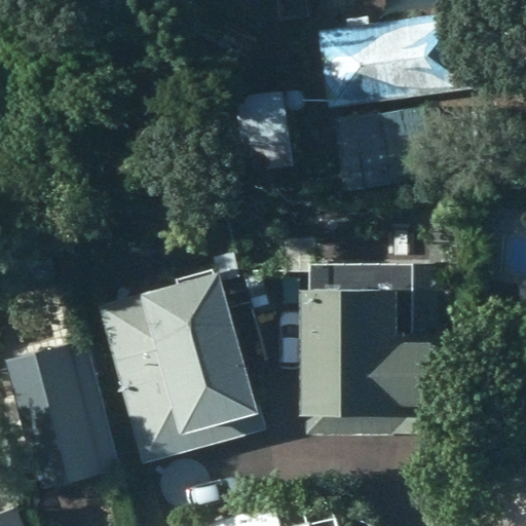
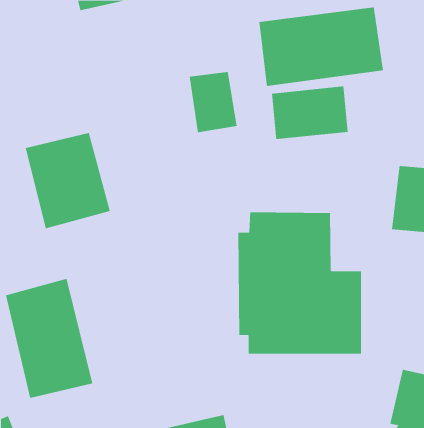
building: none -> [25,132,110,229]
building: [98,272,269,465] -> none

